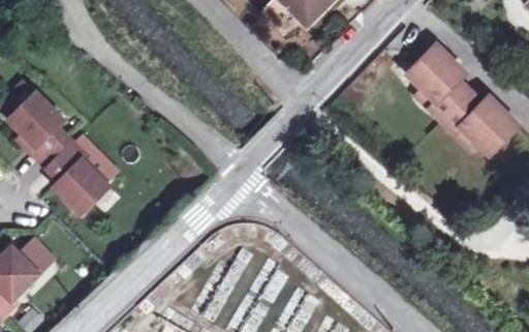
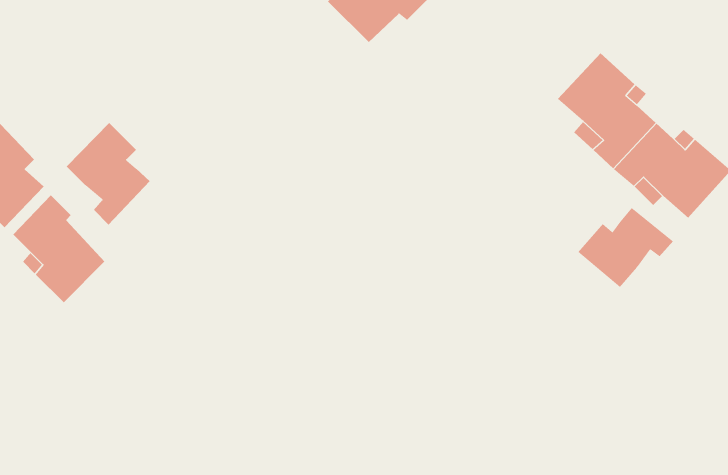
building: none -> [66,122,150,225]
building: none -> [578,207,674,288]

